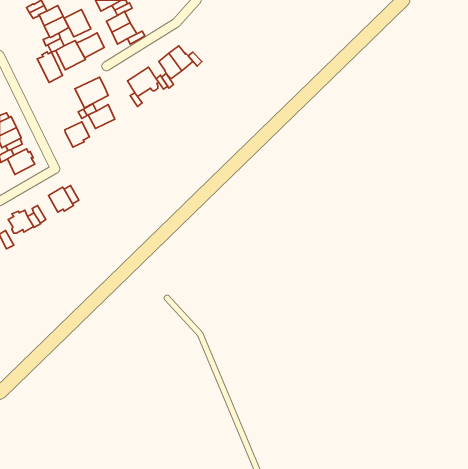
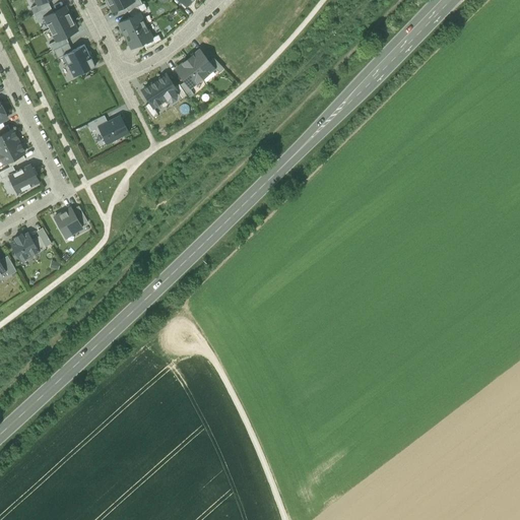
building: [64,9,91,37] -> none
building: [77,33,104,58] -> none
building: [37,52,63,83] -> none
building: [75,77,108,108] -> none
building: [65,122,89,147] -> none

